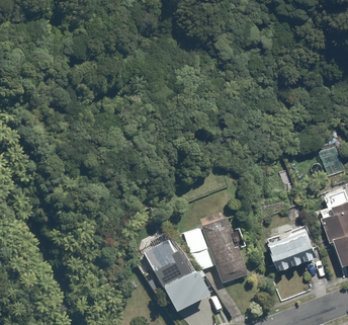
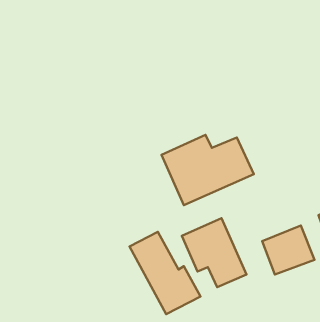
building: none -> [161,135,254,205]

